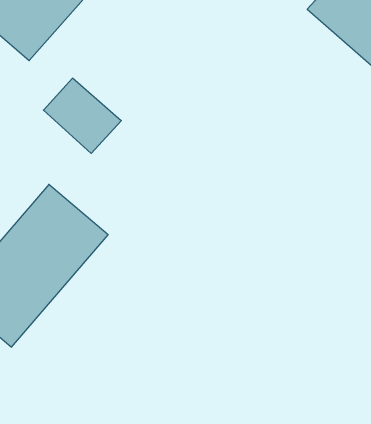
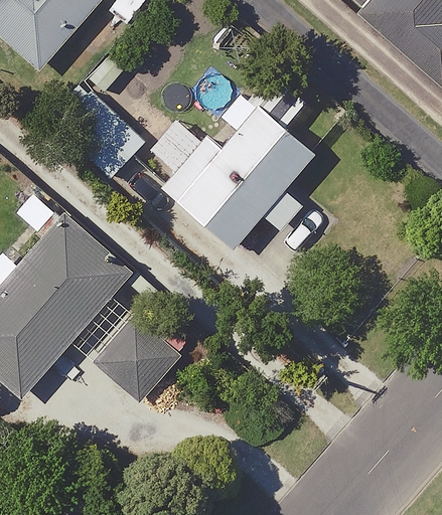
building: none -> [178,106,315,249]
building: none -> [95,317,179,401]

